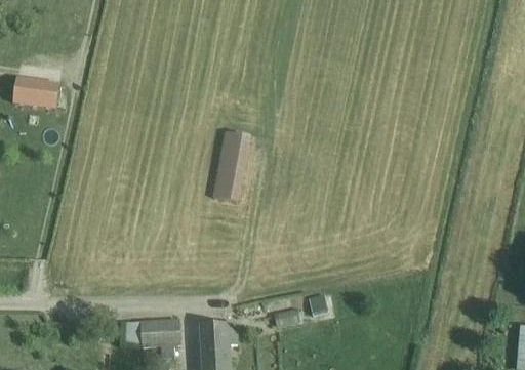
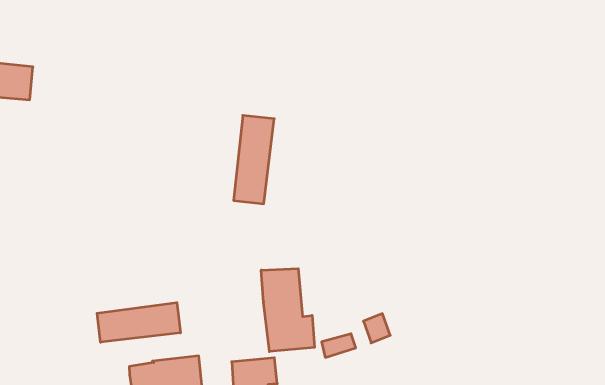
building: none -> [261,269,314,352]
building: none -> [97,303,180,342]

